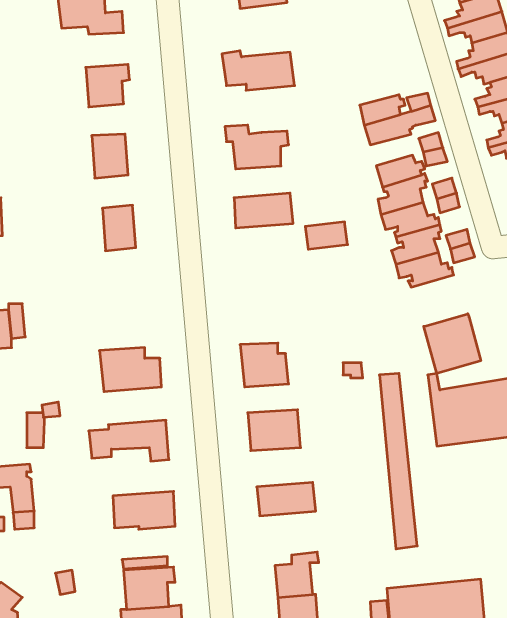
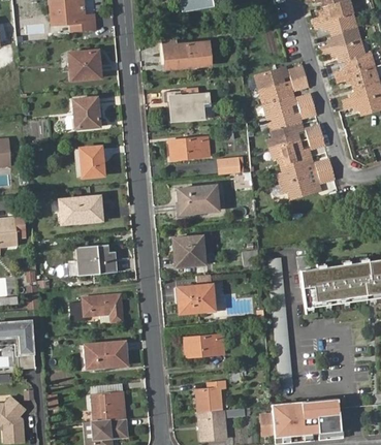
building: none -> [261,96,293,118]
building: none -> [173,187,217,215]
building: none -> [59,195,100,222]
building: [424,314,481,373] -> none

